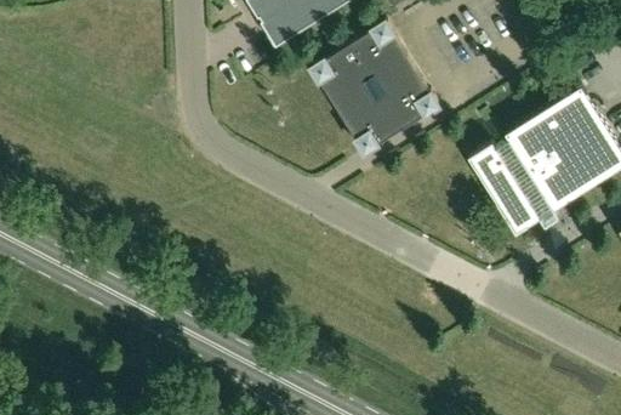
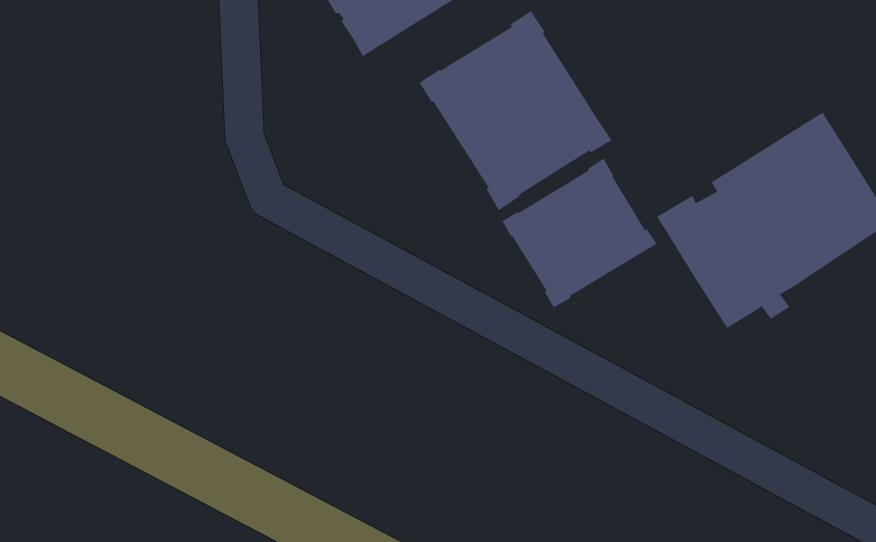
building: none -> [501,158,658,308]

